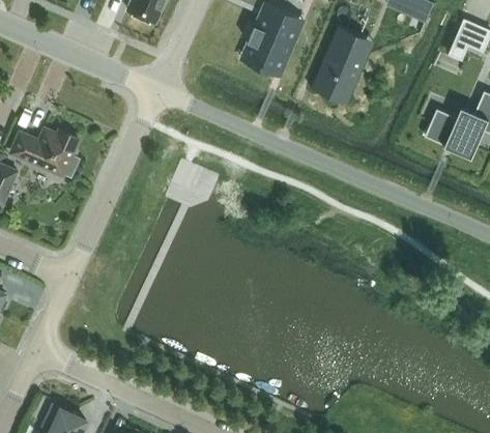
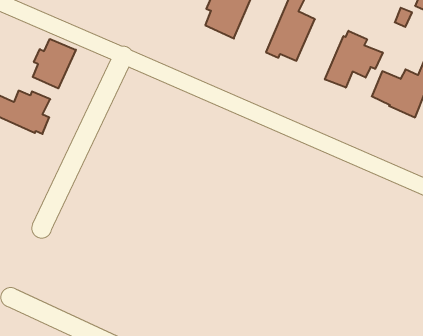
building: none -> [325,31,383,88]
building: none -> [33,39,76,88]

